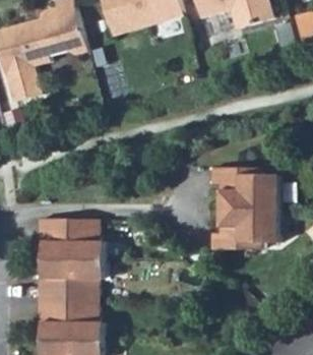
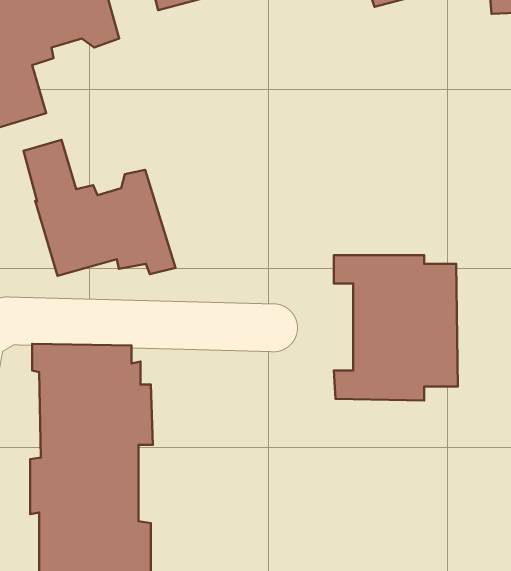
building: none -> [24,140,176,276]

